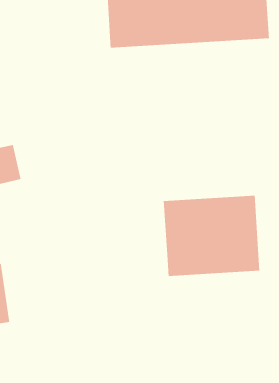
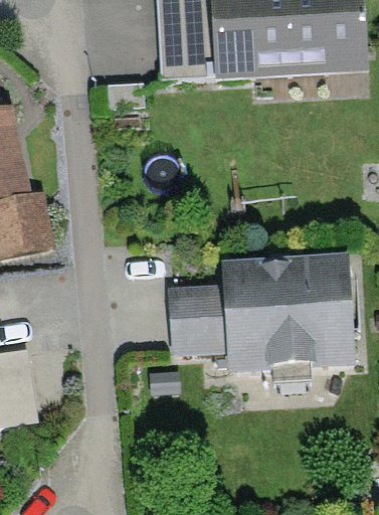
building: none -> [175,287,234,345]

